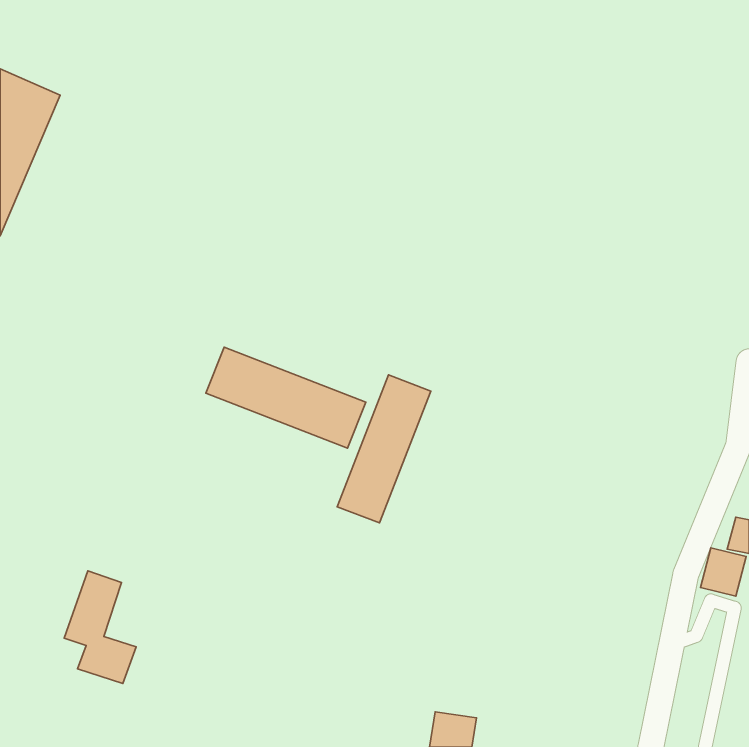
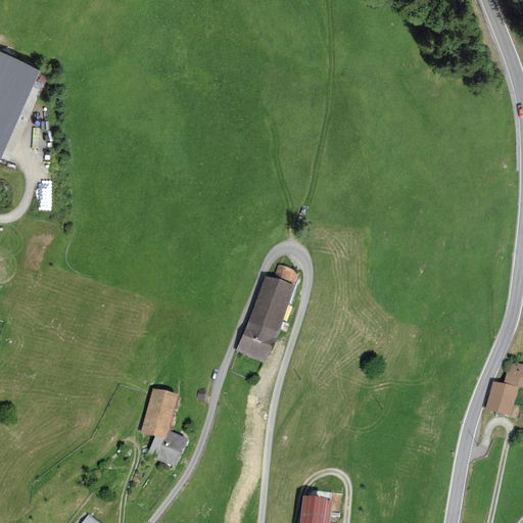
building: [206,347,366,448] -> none
building: [64,571,136,684] -> [137,387,187,466]

